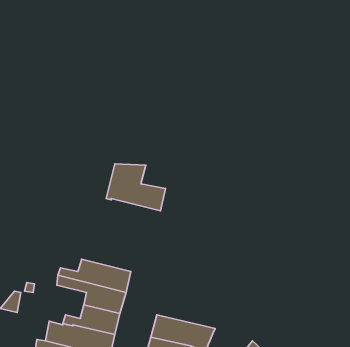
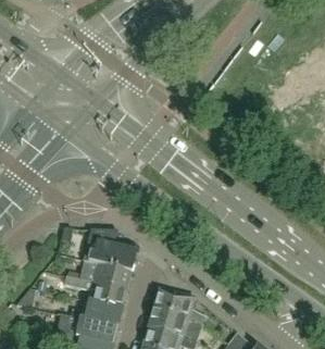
building: [106,164,166,211] -> [84,228,136,270]
building: none -> [154,287,209,320]

